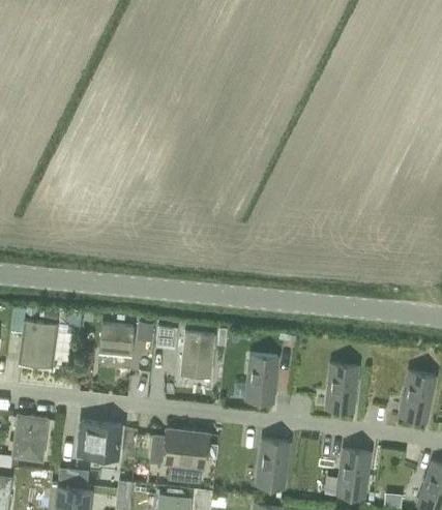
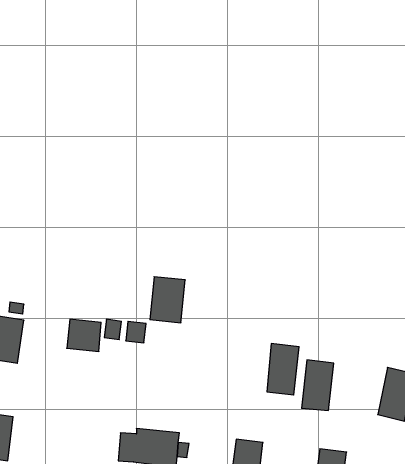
building: [180,333,214,378] -> [150,277,185,323]
building: [246,355,277,404] -> [267,344,299,395]
building: [77,422,122,459] -> none

